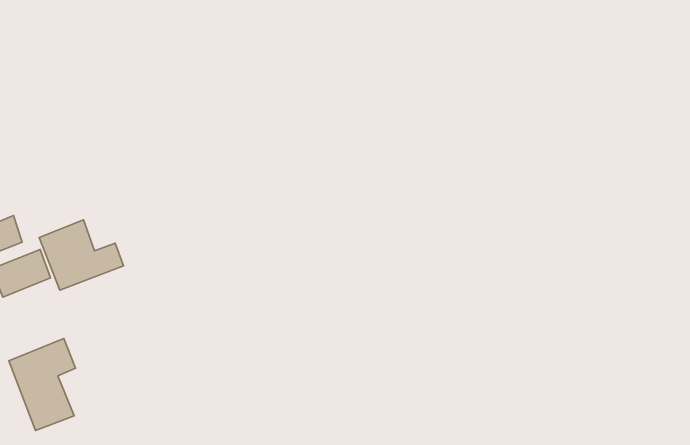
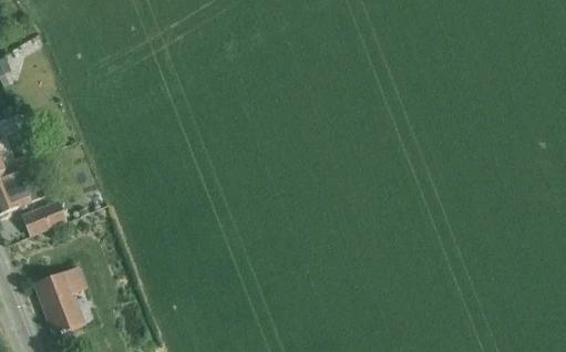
building: [39,220,124,290] -> none

